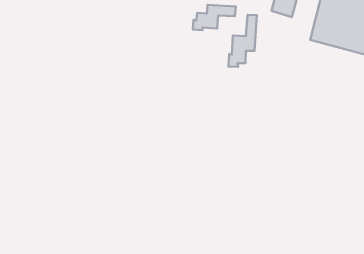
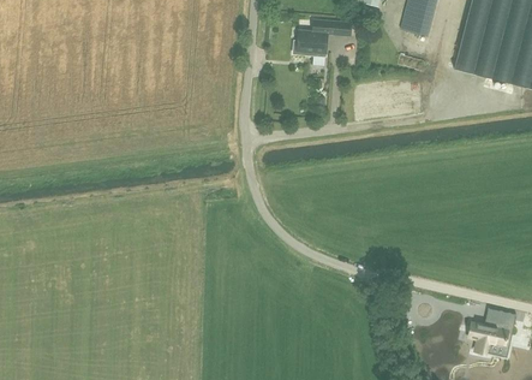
building: [229,15,257,67] -> none
building: none -> [468,311,512,349]

